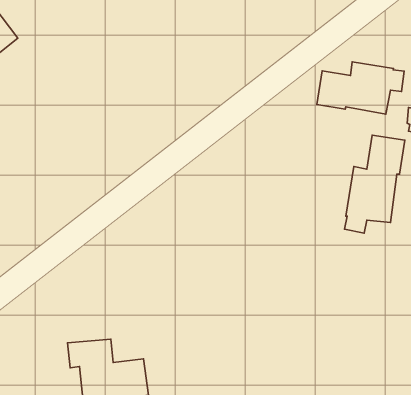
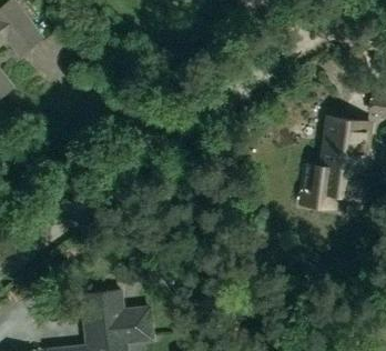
building: [317,62,404,114] -> none

